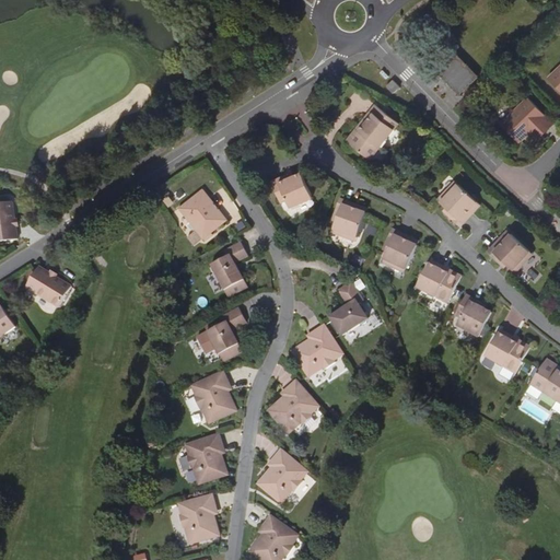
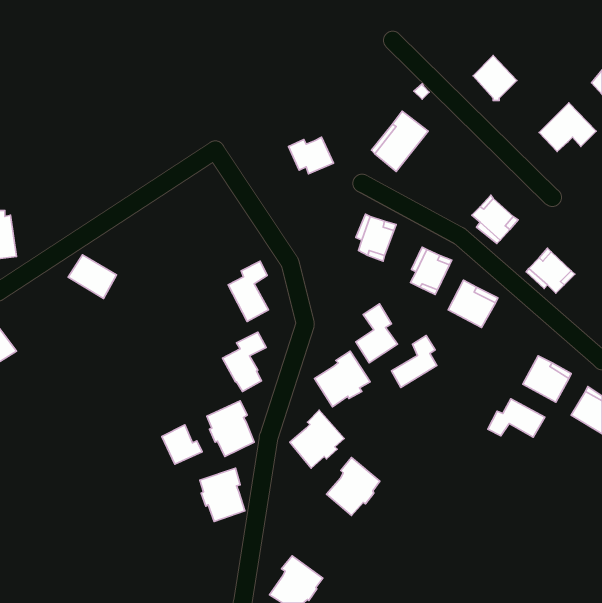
building: [268,173,310,207] -> [289,137,333,174]
building: [178,187,228,237] -> none
building: [24,265,69,305] -> [68,255,117,298]
building: [454,294,490,337] -> none
building: none -> [391,336,437,388]
building: none -> [488,399,545,437]
building: none -> [162,425,202,464]
building: [257,448,306,502] -> [327,458,380,516]
building: [178,493,218,541] -> none

